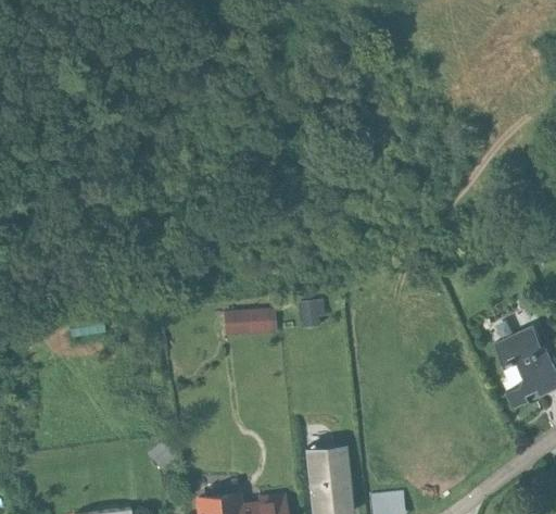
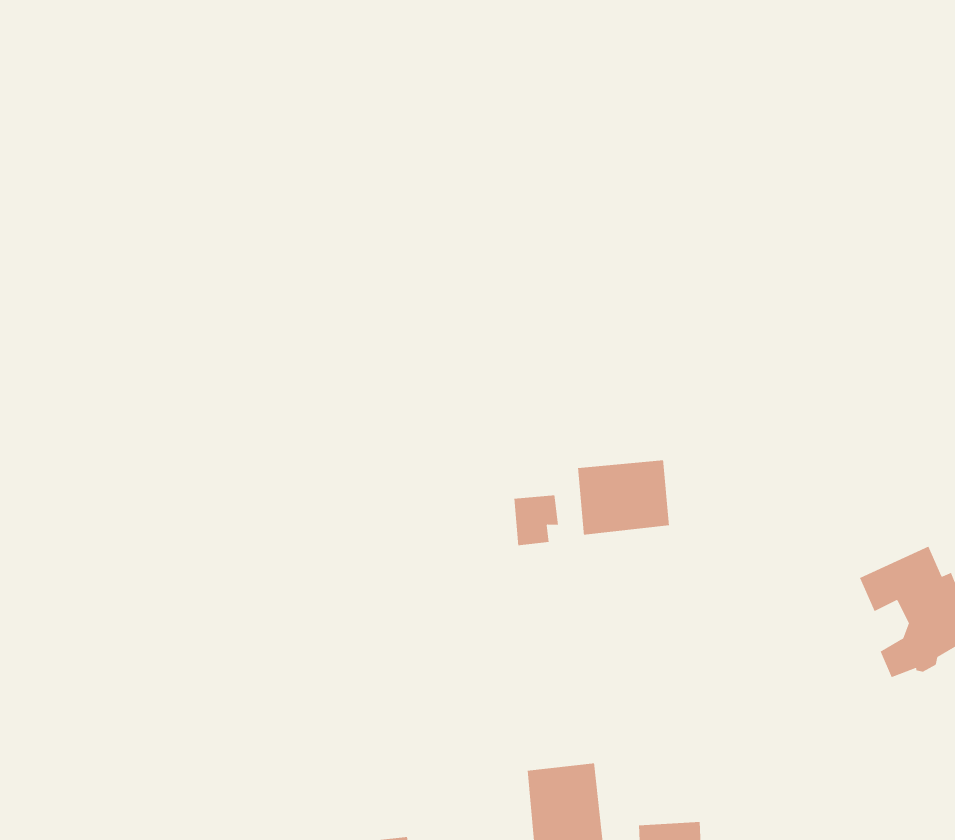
building: none -> [577,460,669,535]
building: [223,309,275,337] -> none

